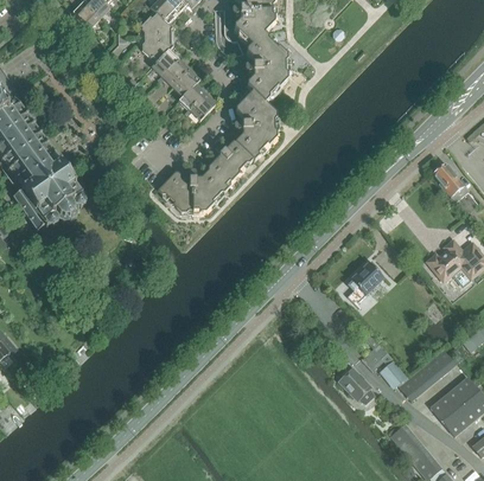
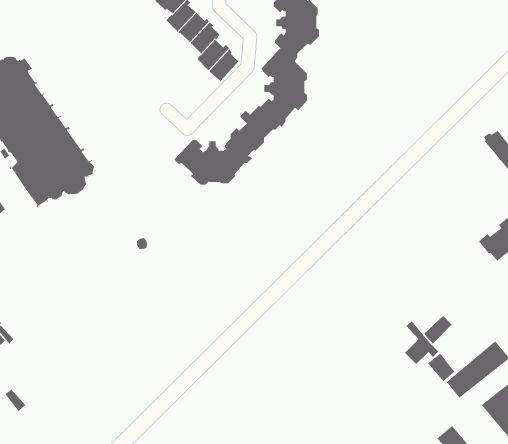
building: [348,259,383,303] -> none
building: [339,367,374,403] -> none

